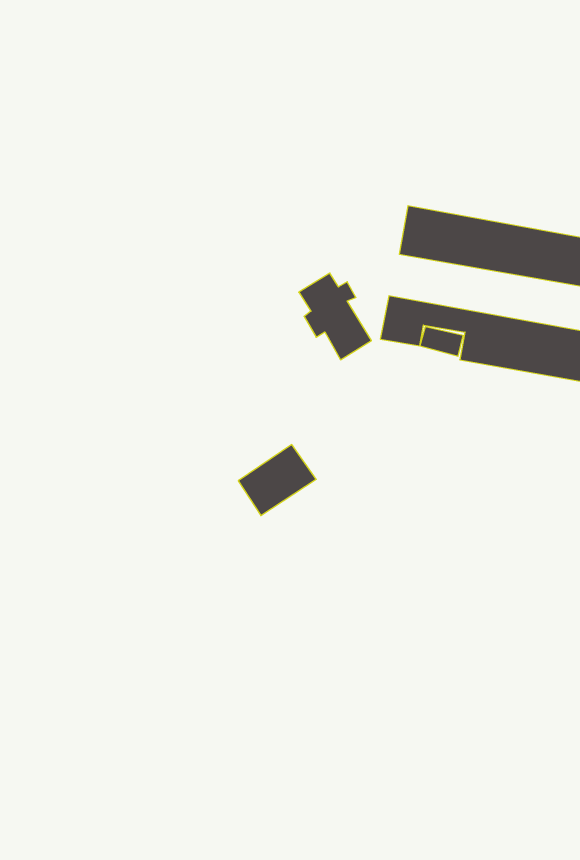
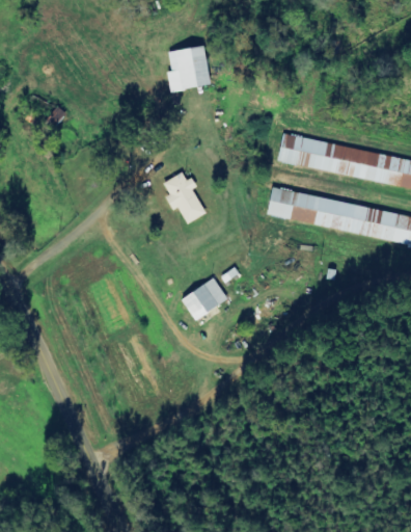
building: none -> [167,45,211,91]
building: [299,273,371,360] -> [163,171,207,223]

